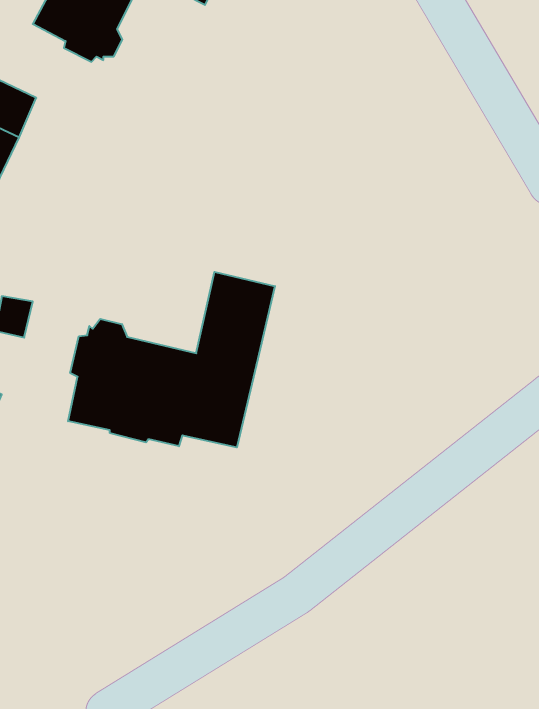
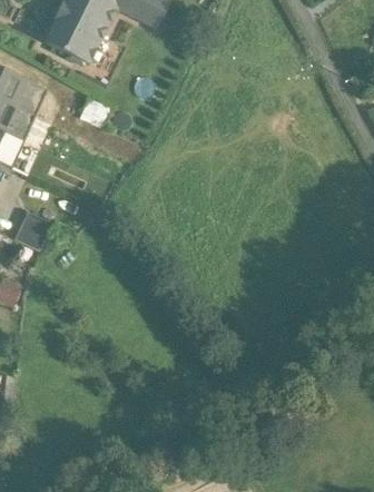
building: [68,272,275,447] -> none

